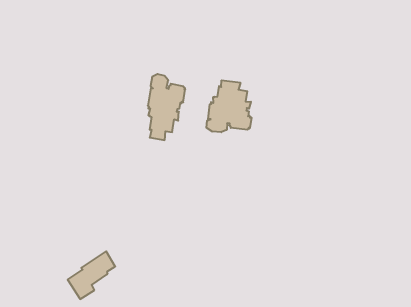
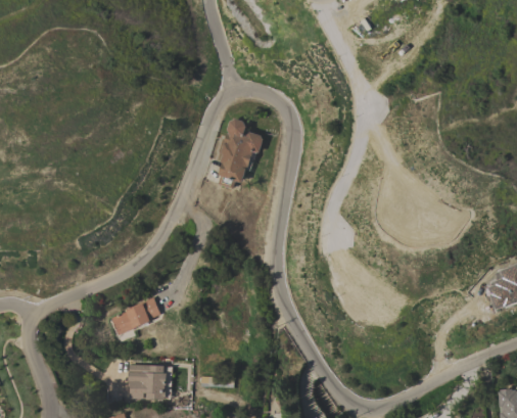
building: [206,80,251,132] -> none

